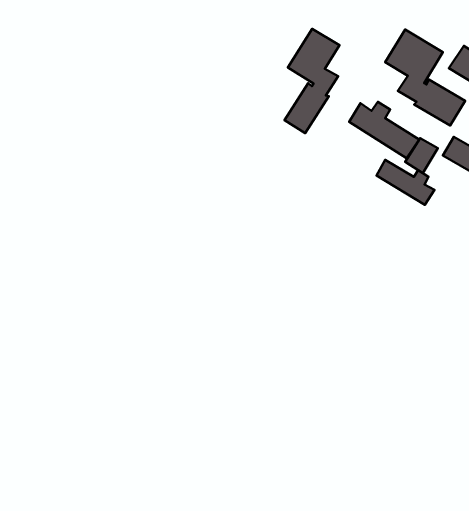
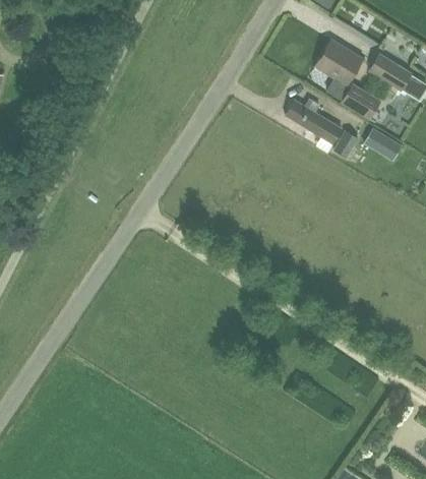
building: [284,29,339,133] -> none
building: [376,160,434,205] -> none

